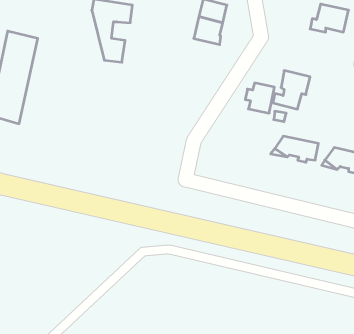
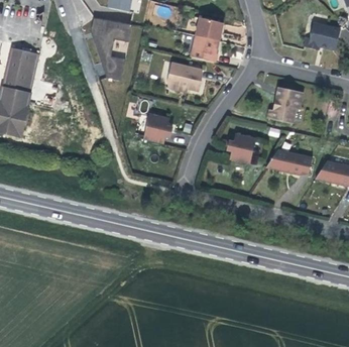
building: none -> [166,63,201,91]
building: [245,83,274,113] -> [227,133,255,162]
building: none -> [144,114,173,144]

